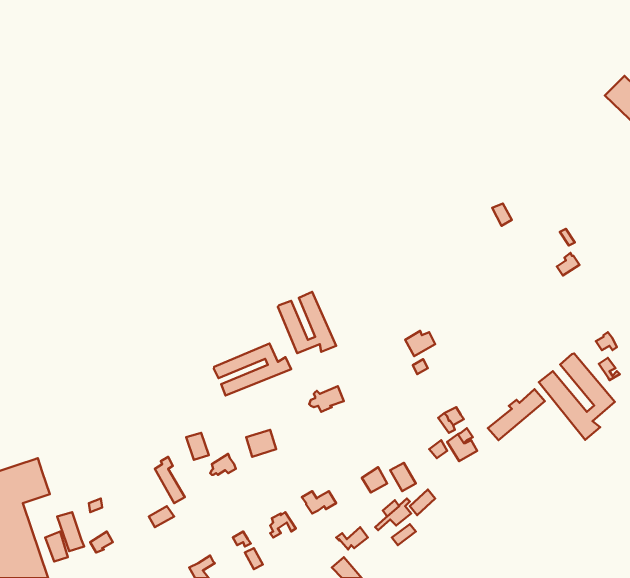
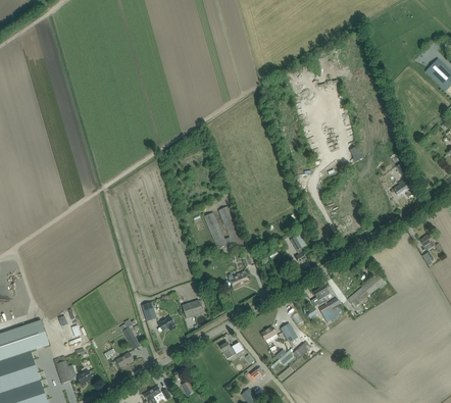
building: [214,344,291,396] -> none
building: [539,353,615,440] -> none

